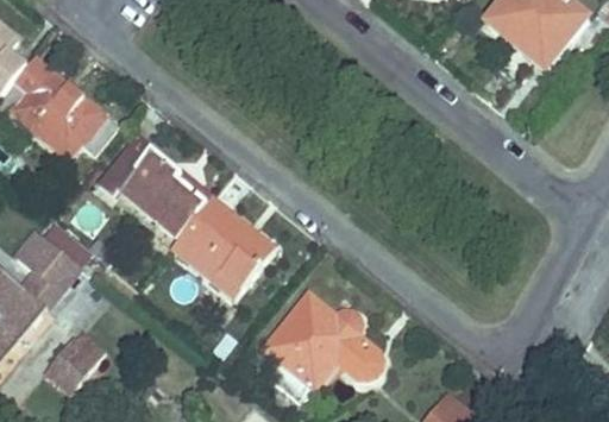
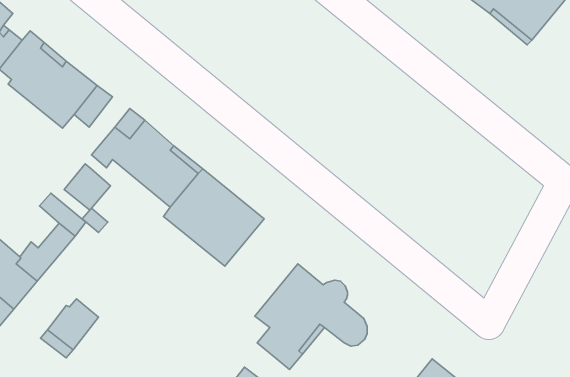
building: [15,231,63,278] -> [64,164,111,210]

